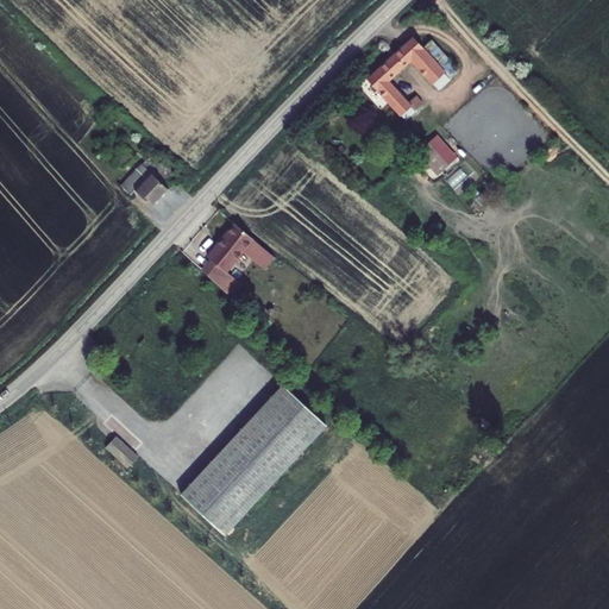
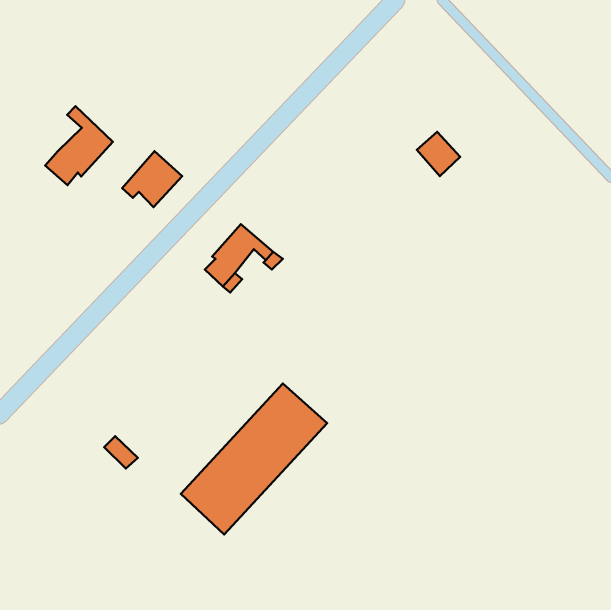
building: [366,40,462,124] -> none
building: none -> [45,106,113,185]

